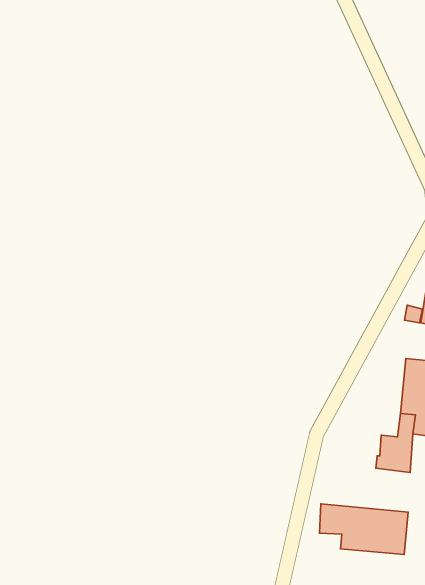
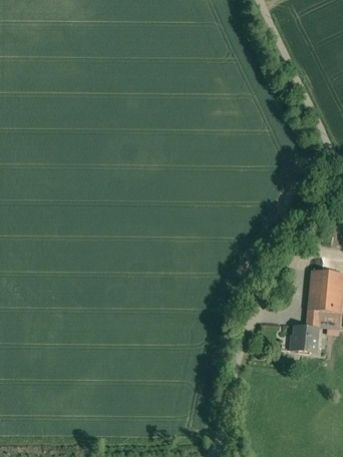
building: [320,504,408,554] -> none

